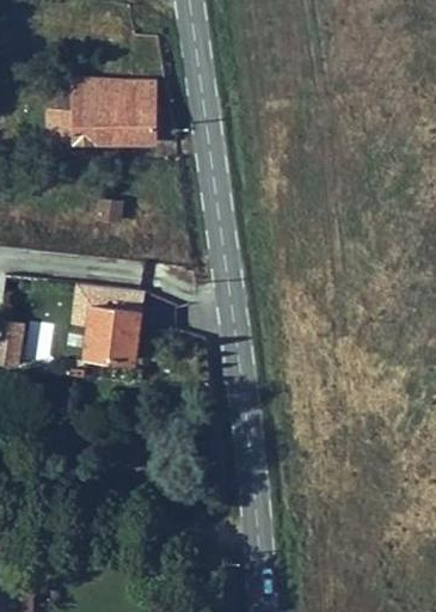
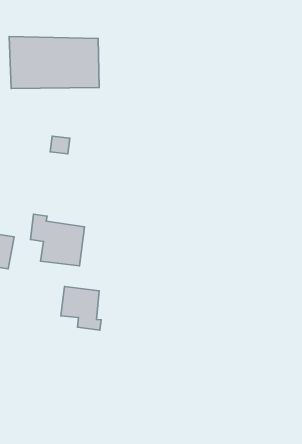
building: none -> [61,286,101,330]

